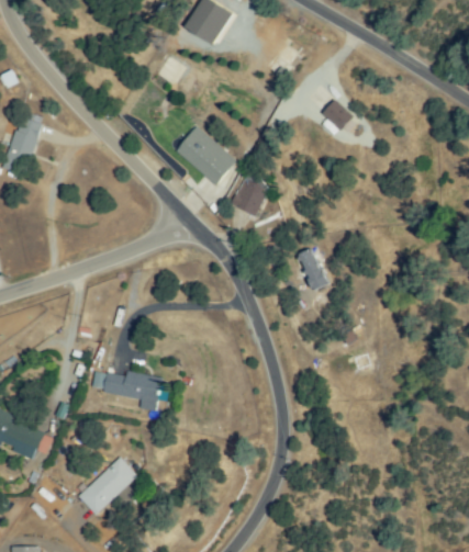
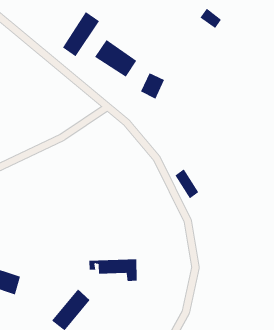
building: none -> [62,11,100,57]
building: [298,248,328,290] -> [174,169,199,199]
building: [93,372,160,407] -> [88,259,137,281]

